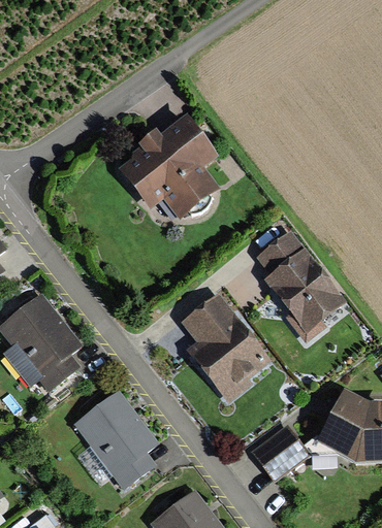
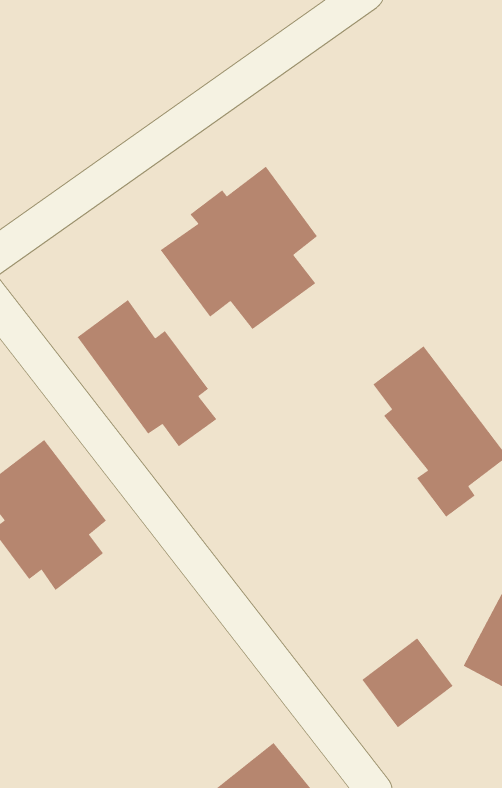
building: none -> [77,299,217,447]
building: [180,292,269,401] -> none
building: [75,391,157,490] -> none

